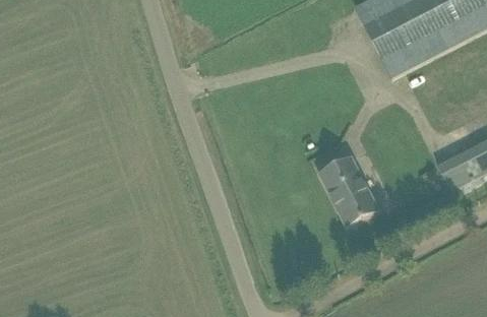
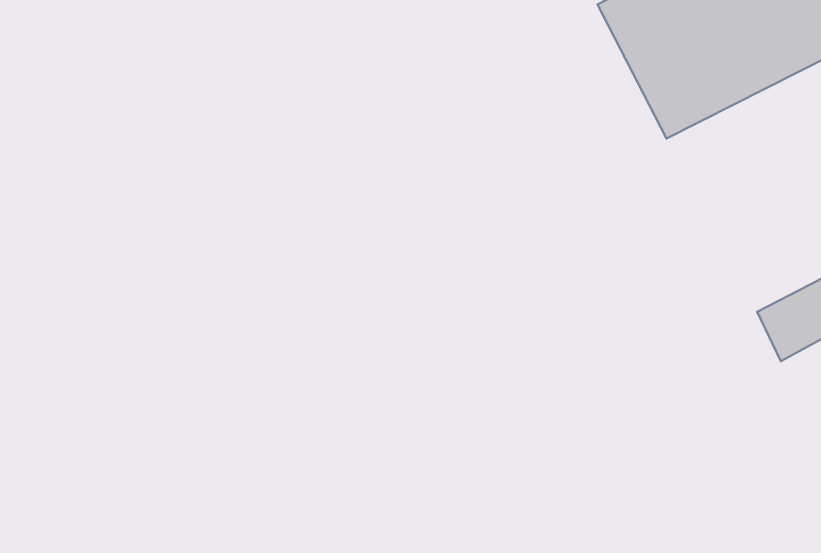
building: [319,156,377,225] -> none

